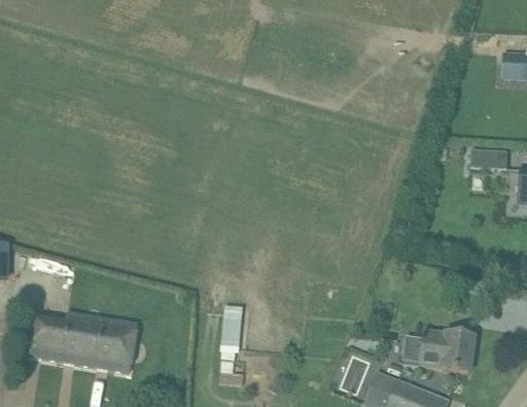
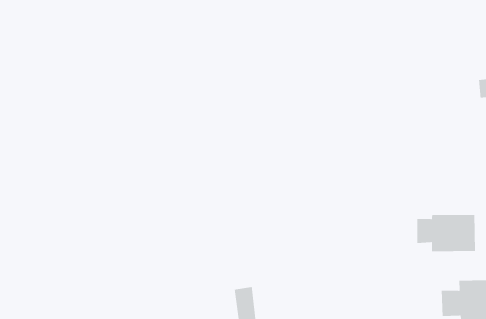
building: none -> [417,214,476,252]

